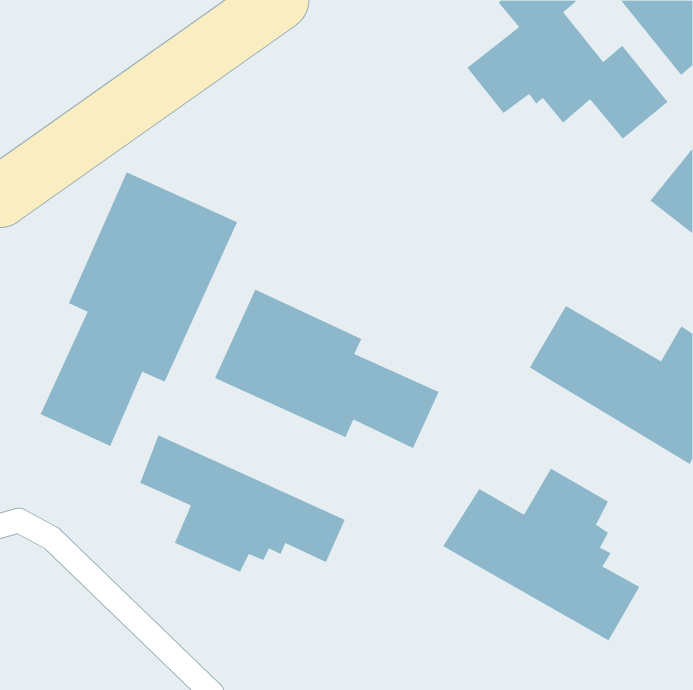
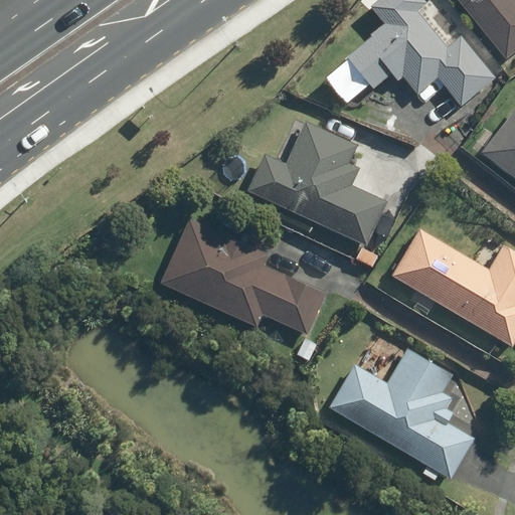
building: none -> [246,122,386,245]
building: [40,171,238,447] -> none
building: [140,435,346,572] -> none

